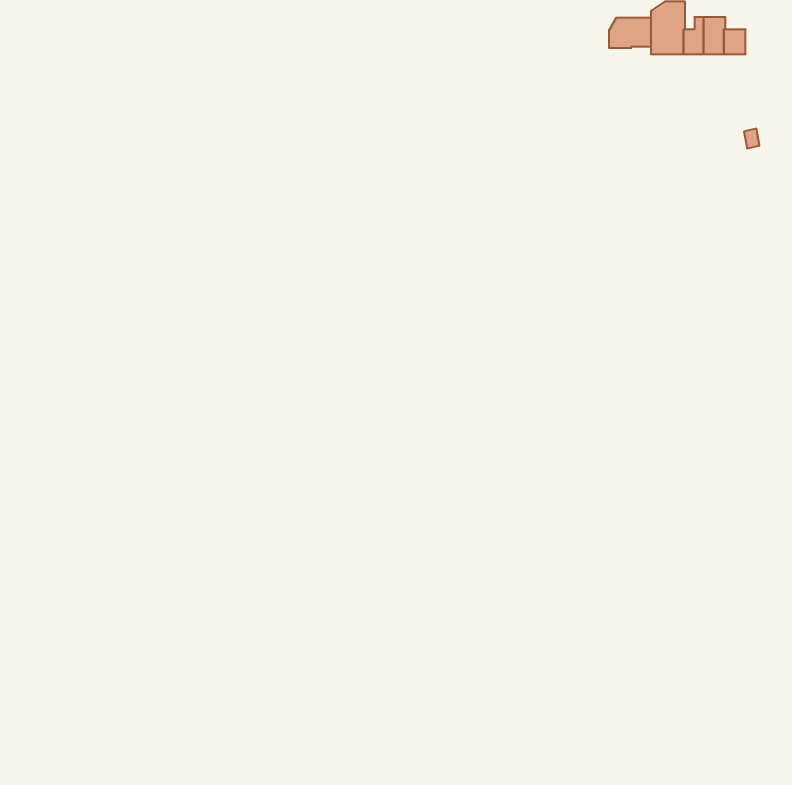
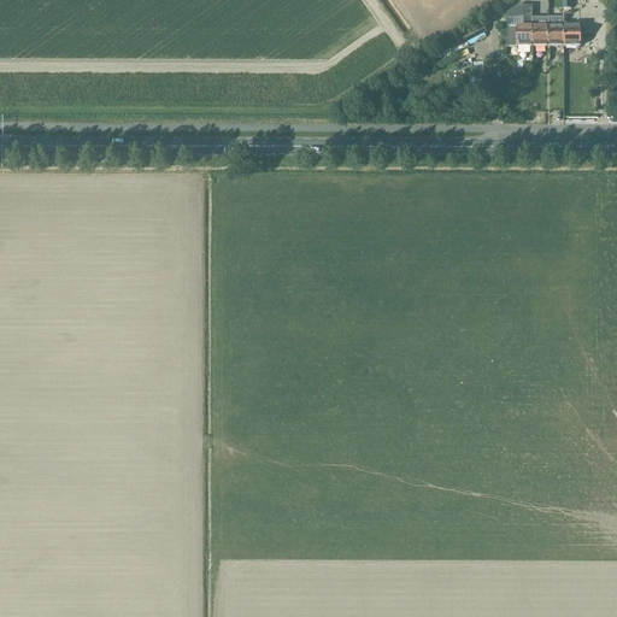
building: [609,18,651,48] -> none

